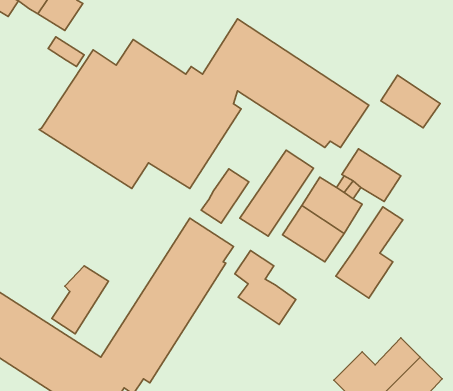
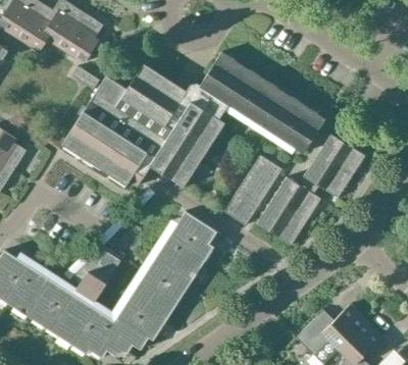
building: [381,75,440,128] -> [317,134,364,175]
building: [201,169,249,223] -> none
building: [336,207,403,298] -> none
building: [235,250,296,324] -> none

